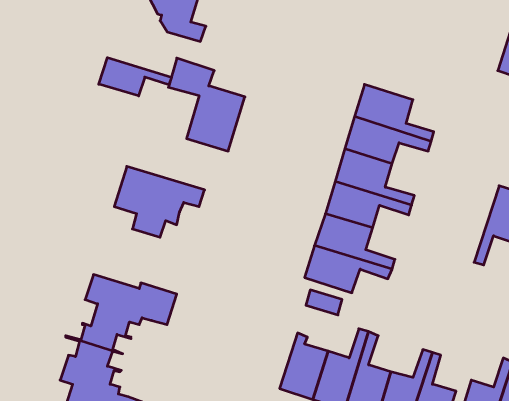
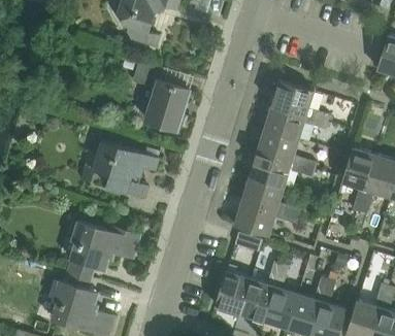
building: [99,58,171,96] -> none
building: none -> [341,147,377,212]

